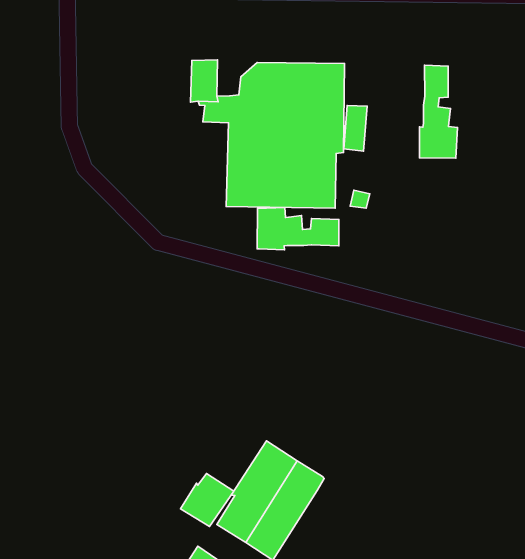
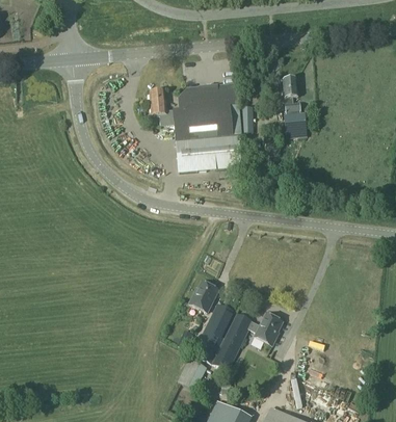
building: [257,207,339,250] -> none
building: none -> [249,313,283,345]
building: [181,473,234,527] -> [189,282,218,312]

